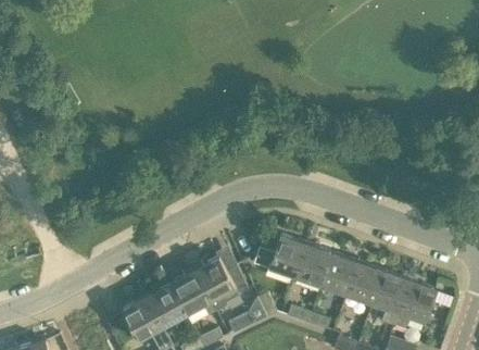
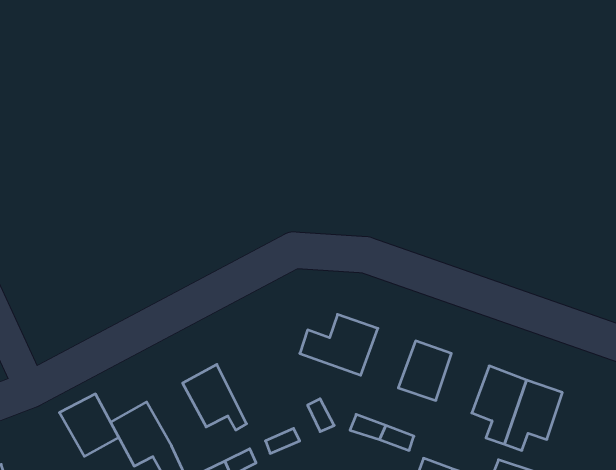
building: [294,243,332,285] -> none
building: [194,255,247,310] -> none
building: [346,261,383,302] -> none
building: [146,282,187,325] -> [59,394,119,456]

